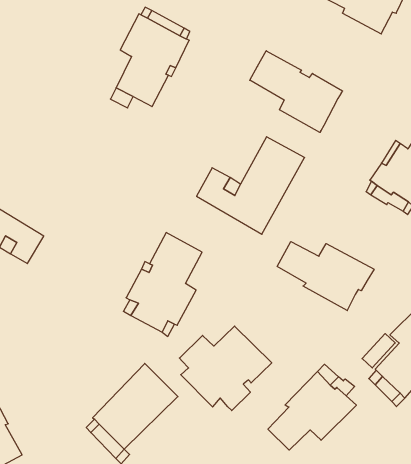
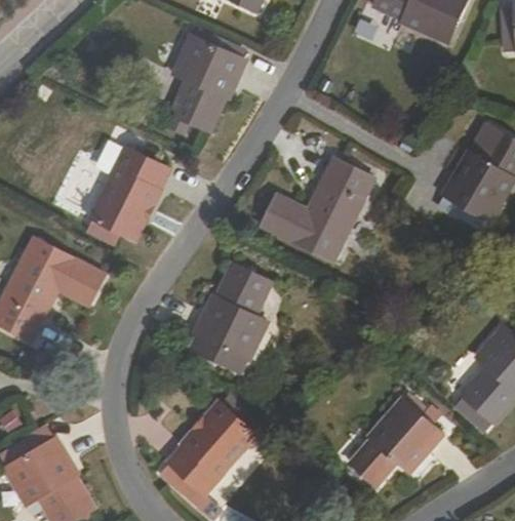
building: [250,51,343,132] -> none
building: none -> [92,149,170,240]
building: [277,242,374,311] -> none
building: [179,326,272,411] -> none

